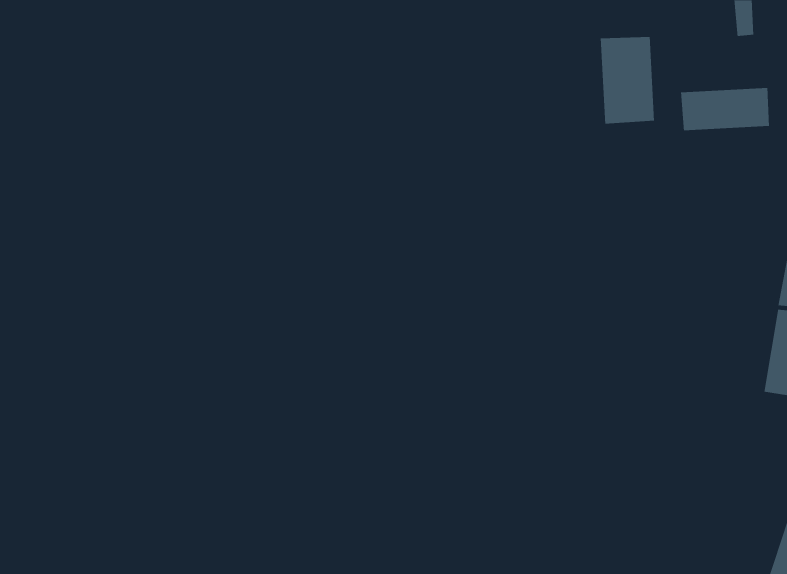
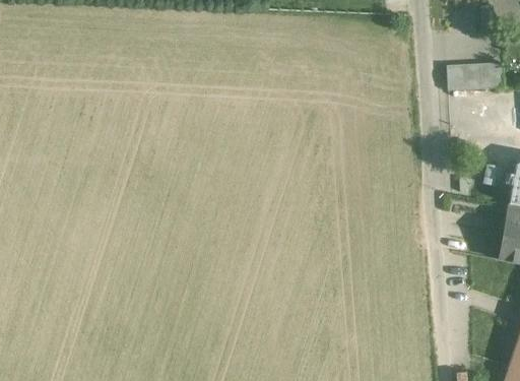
building: [600,36,655,124] -> none

